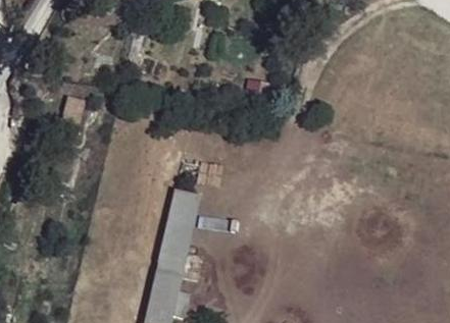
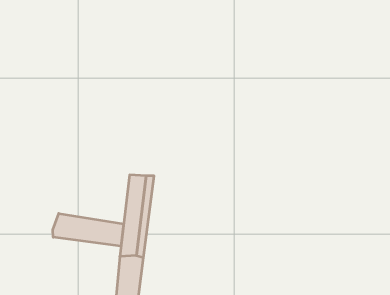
building: none -> [53,213,124,246]

